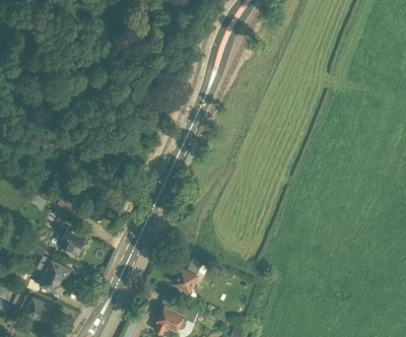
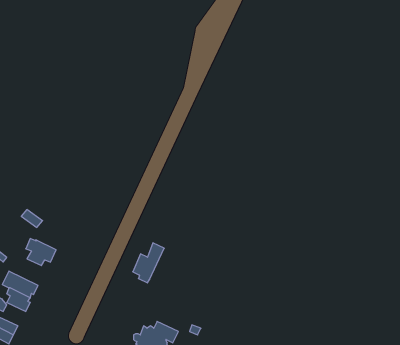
building: [175,257,203,293] -> [133,243,164,283]

